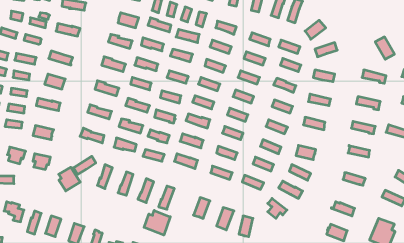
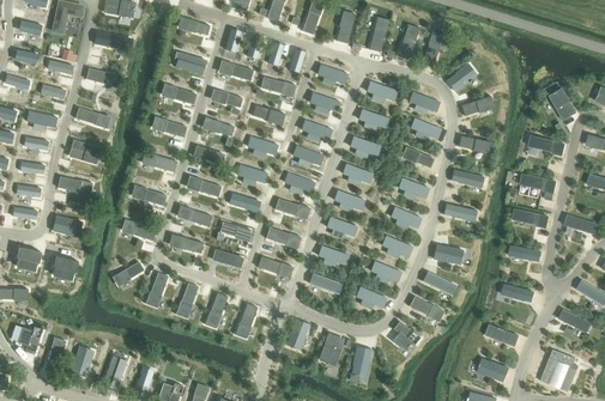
building: [59,167,80,191] -> none
building: [144,210,170,235] -> none

